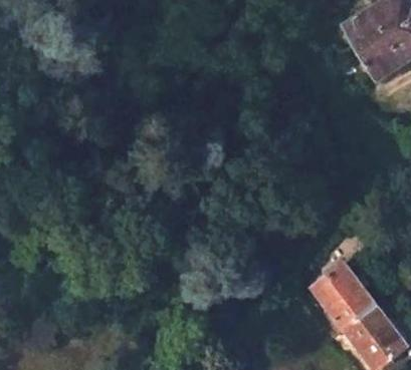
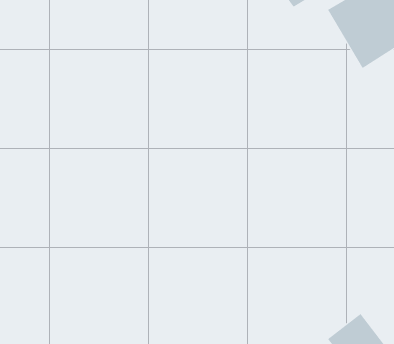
building: [312,264,375,329] -> none

